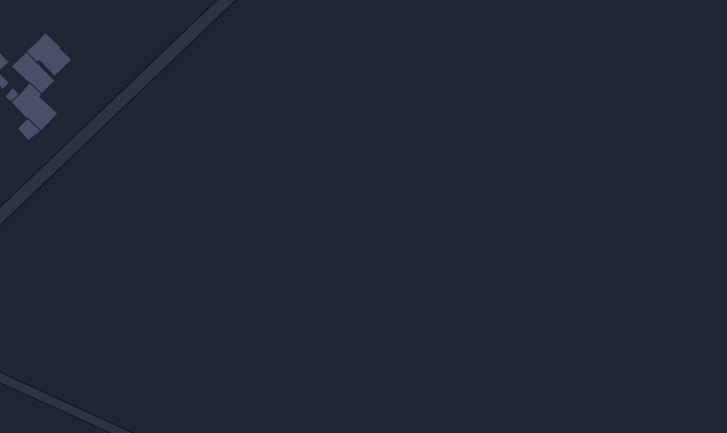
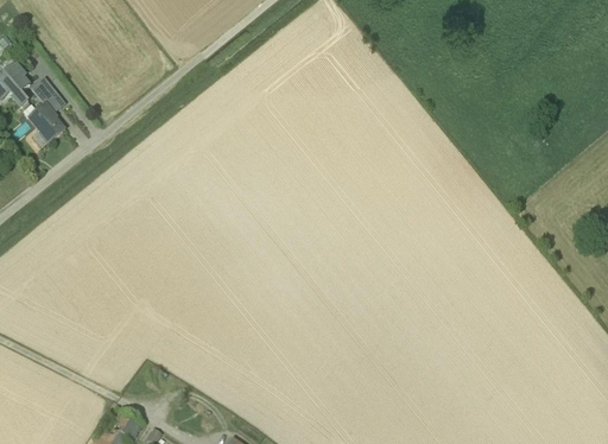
building: [26,33,72,76] -> none

